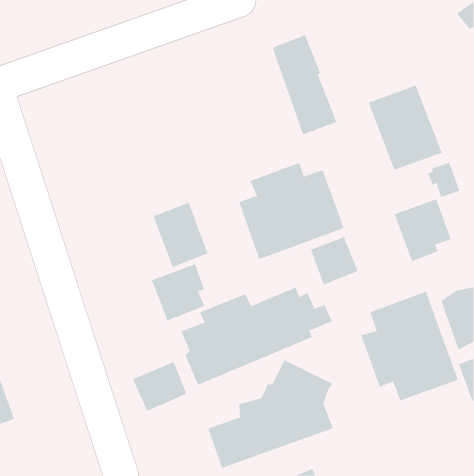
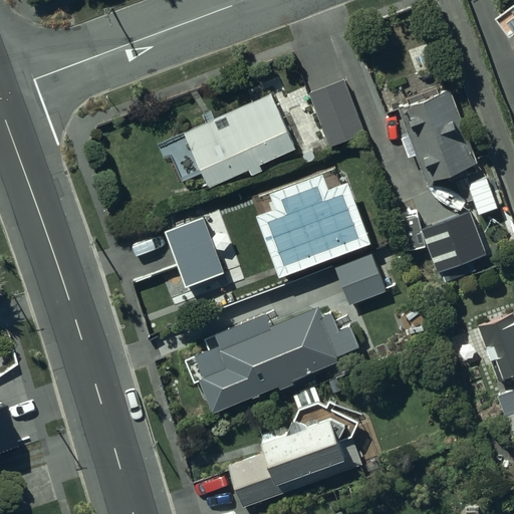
building: none -> [182,93,294,187]
building: [151,263,205,321] -> none
building: [361,291,458,401] -> none
building: [132,361,187,411] -> none

